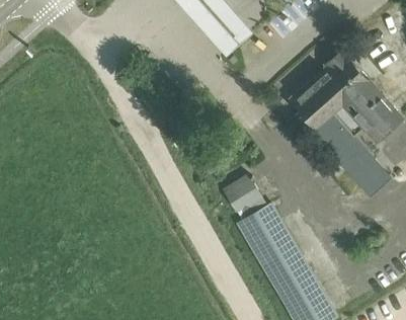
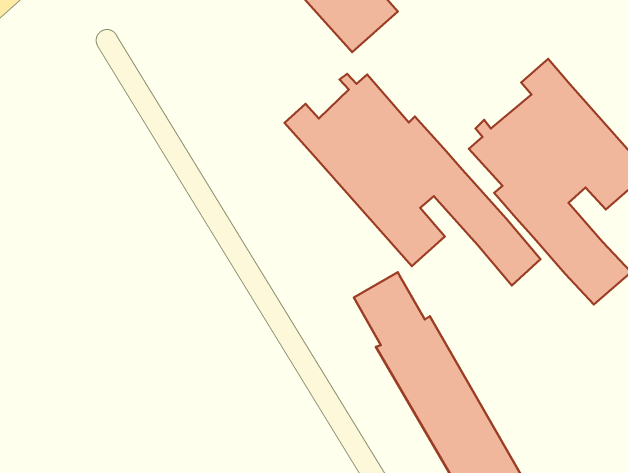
building: none -> [285,74,540,285]

